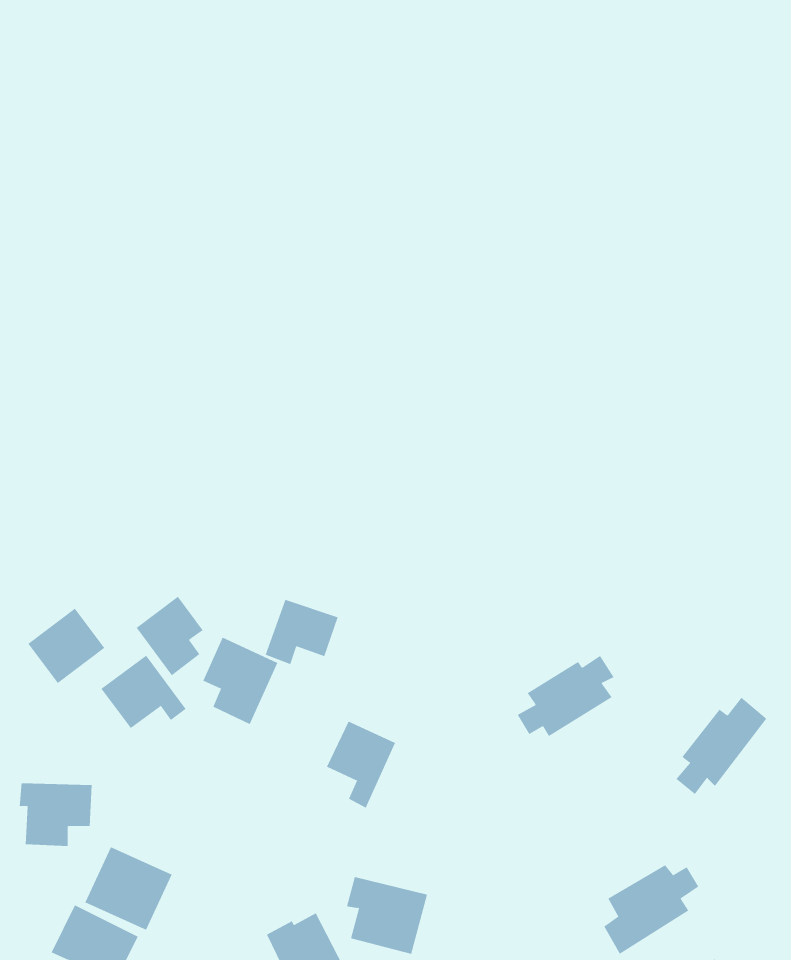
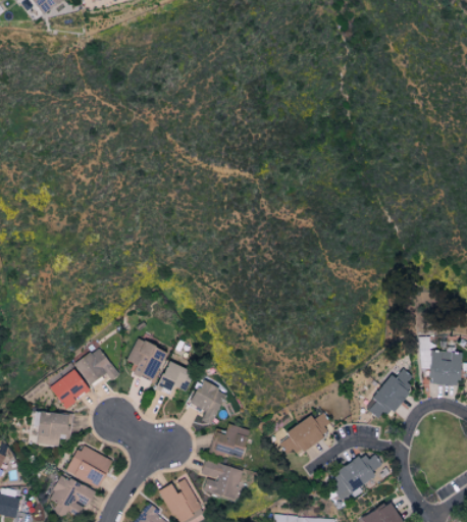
building: [136,596,203,676] -> none
building: [265,599,339,665] -> [156,361,194,395]
building: [27,608,105,684] -> [50,369,90,408]
building: [517,655,615,737] -> [280,412,330,454]
building: none -> [211,423,250,458]

